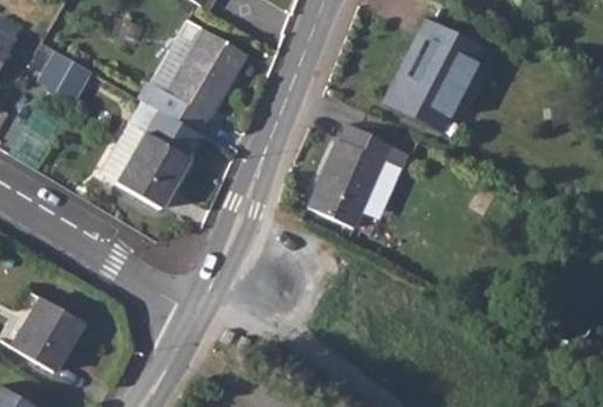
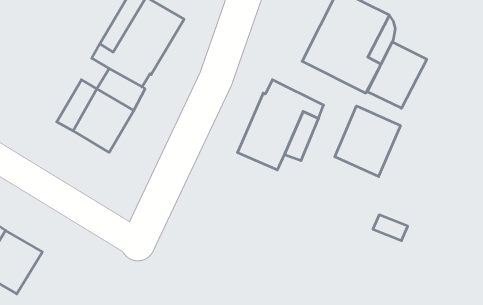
building: [39,51,90,101] -> none
building: none -> [367,42,427,108]
building: none -> [335,106,400,177]

